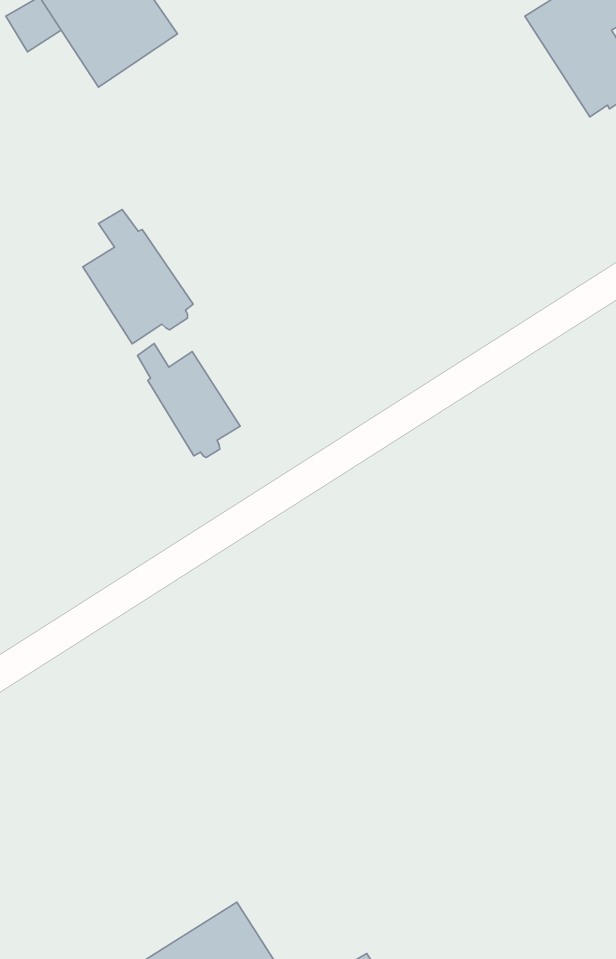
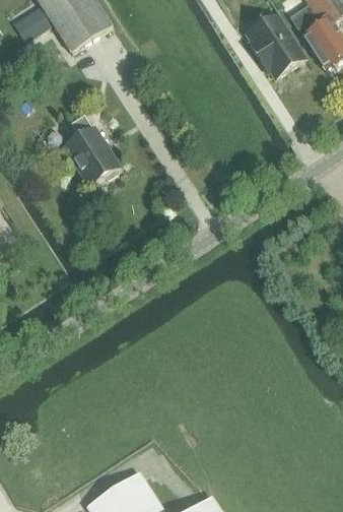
building: none -> [245,12,304,76]
building: [137,344,240,458] -> none

